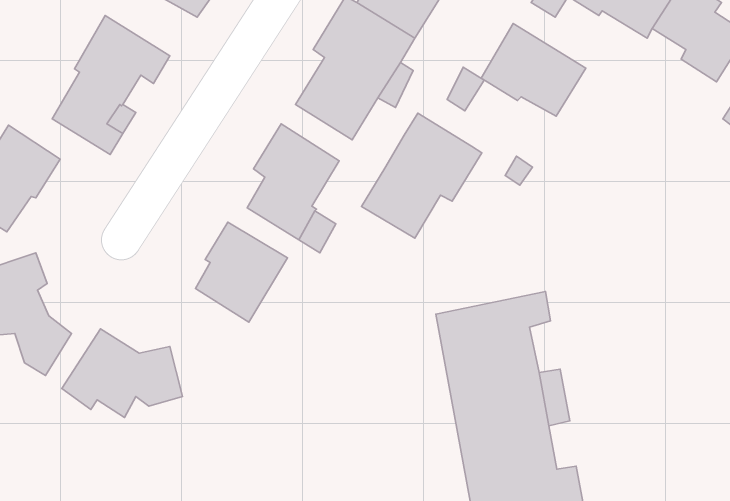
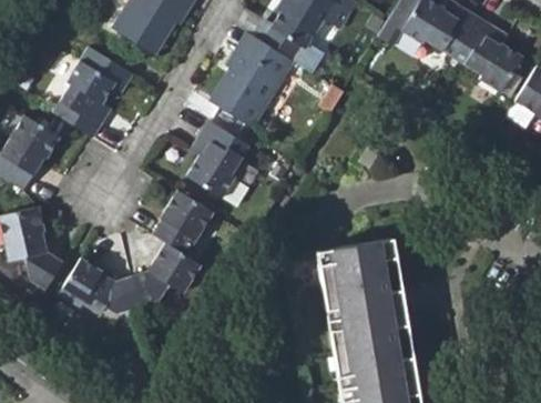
building: [481,24,586,116] -> none
building: [361,113,482,238] -> none
building: none -> [132,242,205,306]

